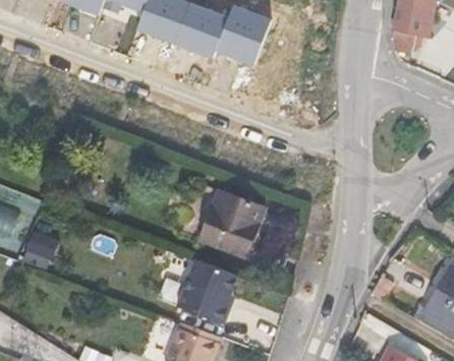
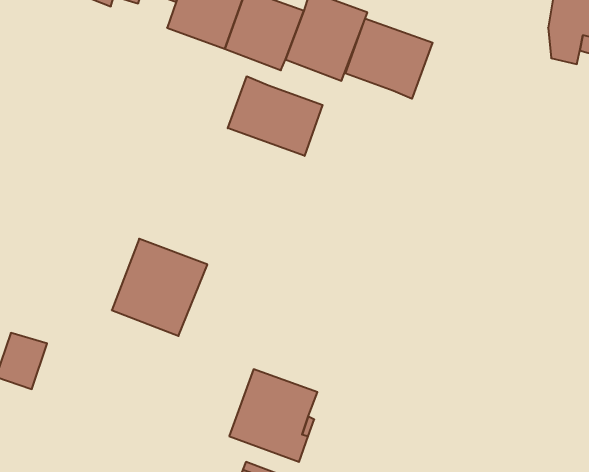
building: none -> [345,18,433,99]
building: none -> [228,76,323,156]
building: [200,192,264,257] -> [112,239,207,336]

